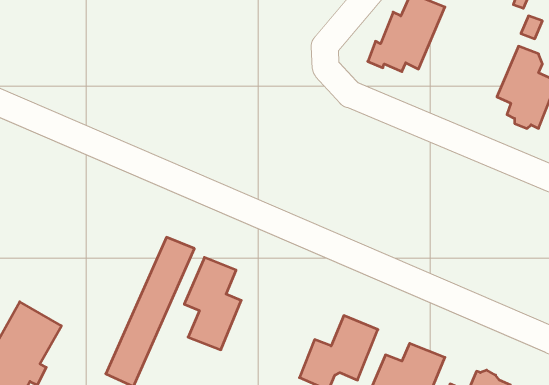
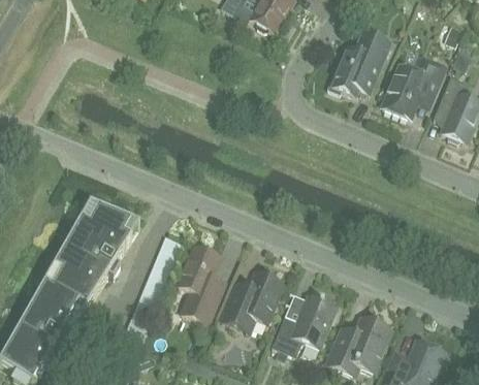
building: none -> [382,55,446,118]
building: none -> [43,203,139,308]
building: none -> [221,272,282,330]

